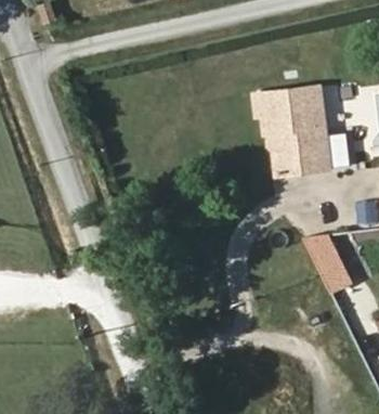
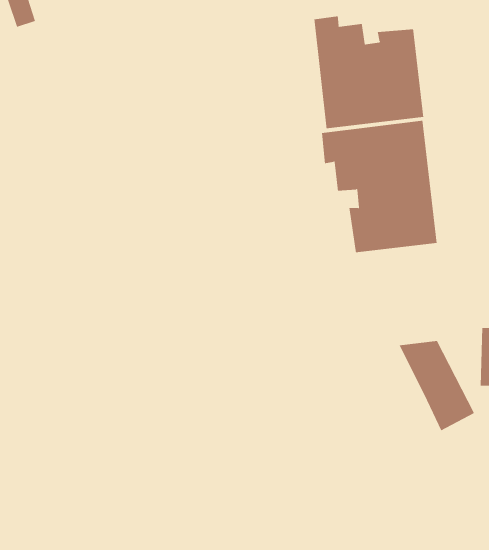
building: none -> [314,16,424,129]

